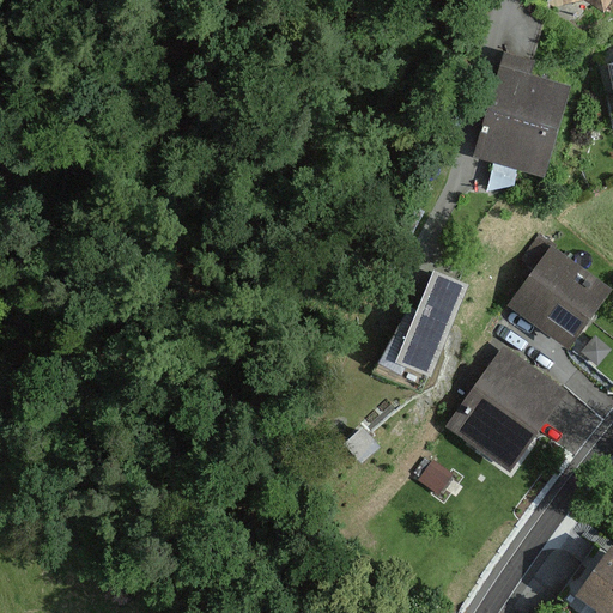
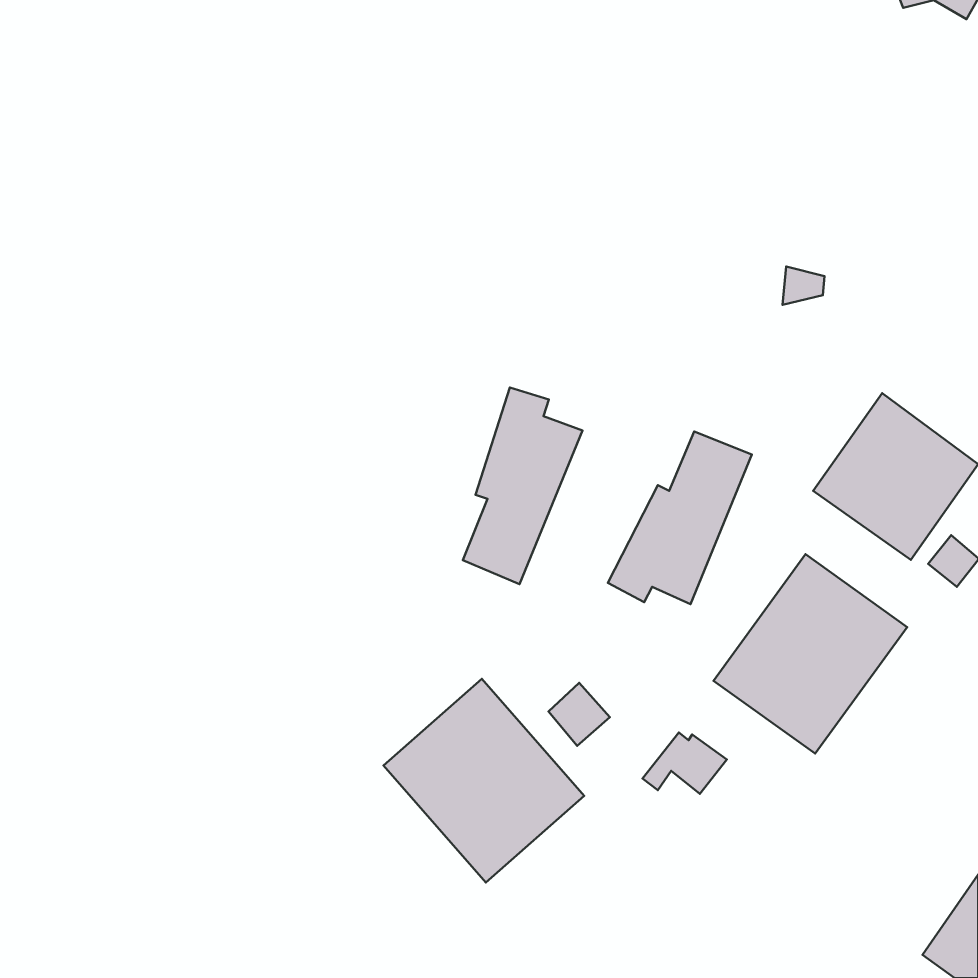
building: [474,51,571,176] -> none
building: none -> [463,388,583,584]
building: none -> [384,679,584,883]

